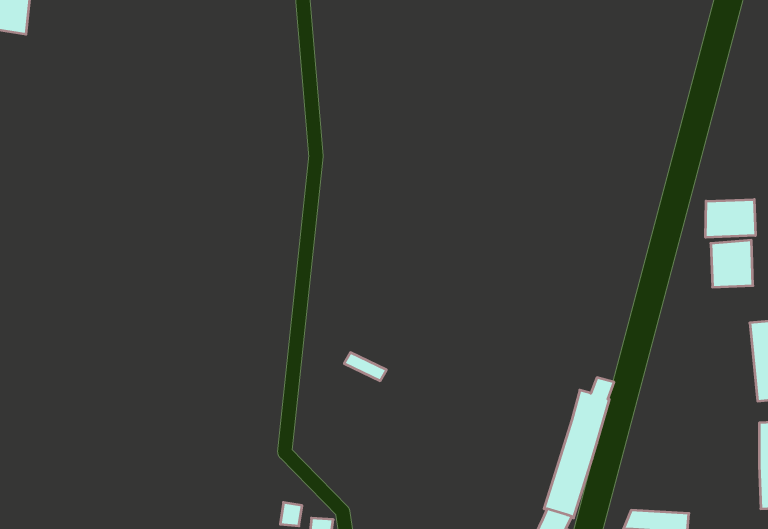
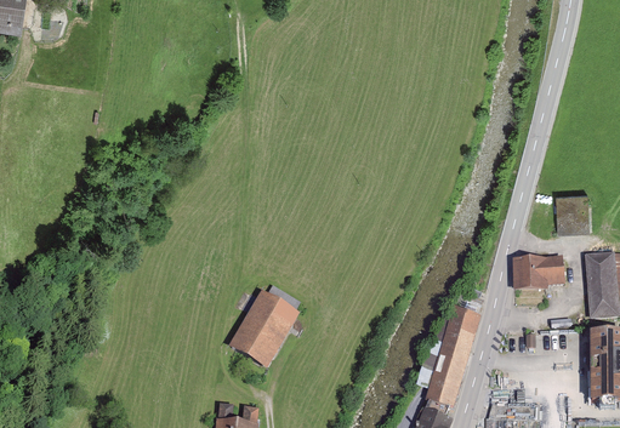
building: [706,199,755,237] -> none
building: none -> [516,257,562,286]
building: none -> [232,291,301,366]

